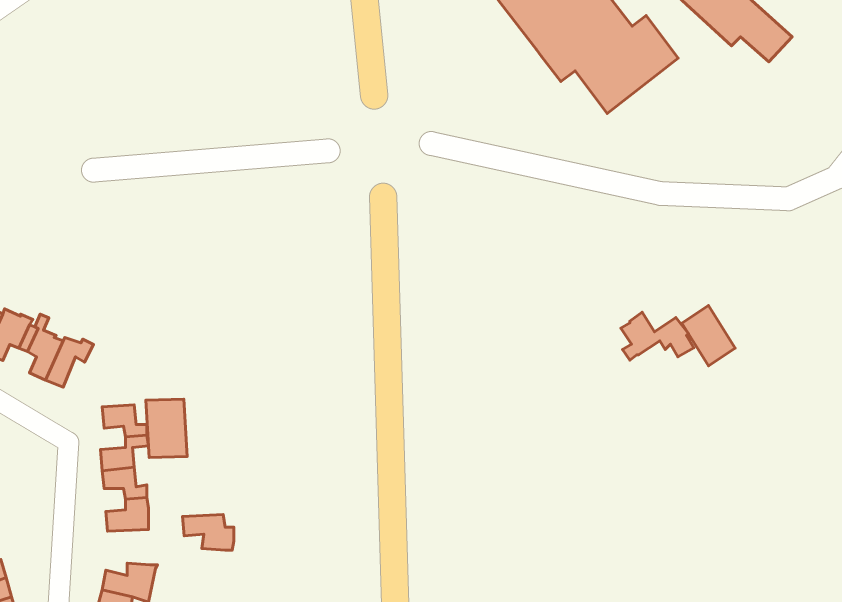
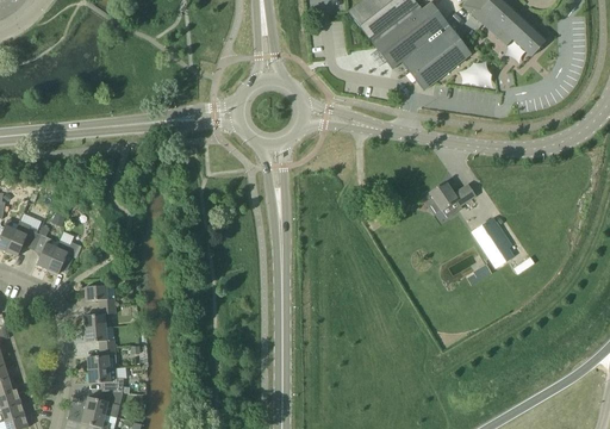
building: [621,312,694,360] -> [430,180,479,212]
building: [146,399,187,458] -> none
building: [182,515,234,550] -> [88,368,123,392]

